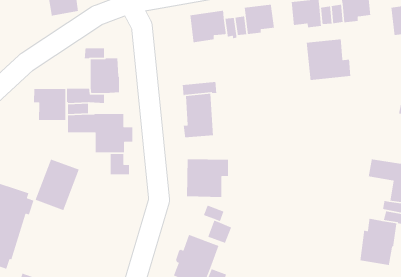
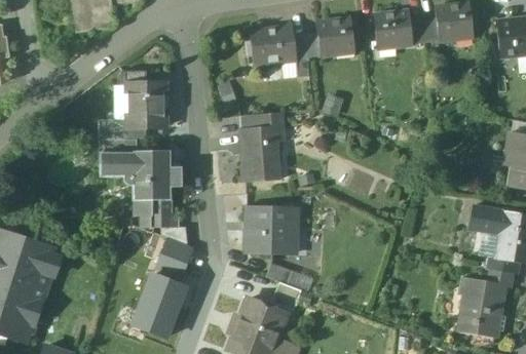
building: [306,39,351,81] -> none
building: [33,88,66,121] -> none
building: [34,158,80,211] -> [130,275,186,340]
building: none -> [156,238,192,277]

